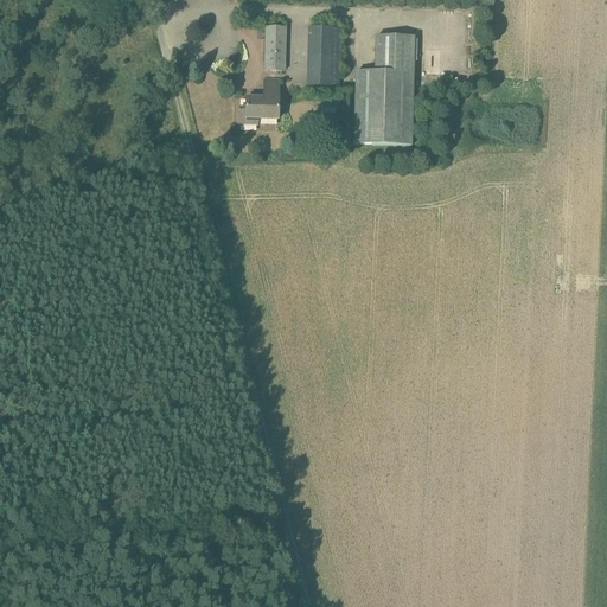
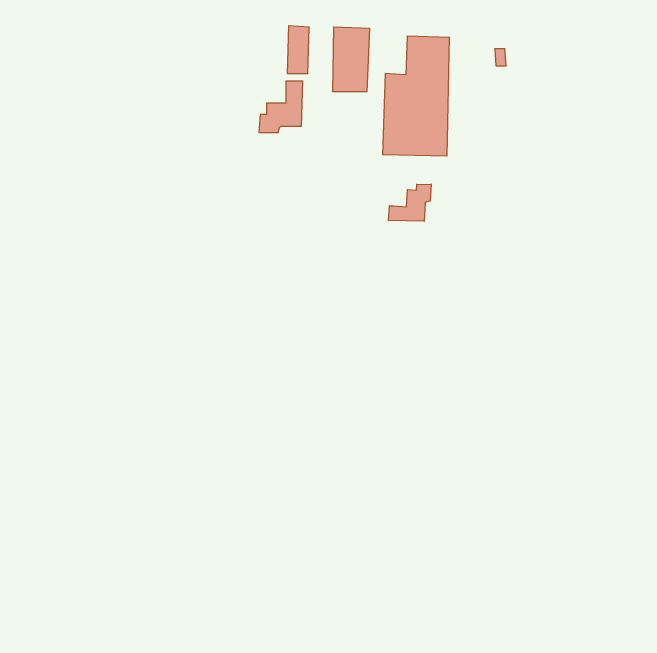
building: none -> [389,184,431,221]

